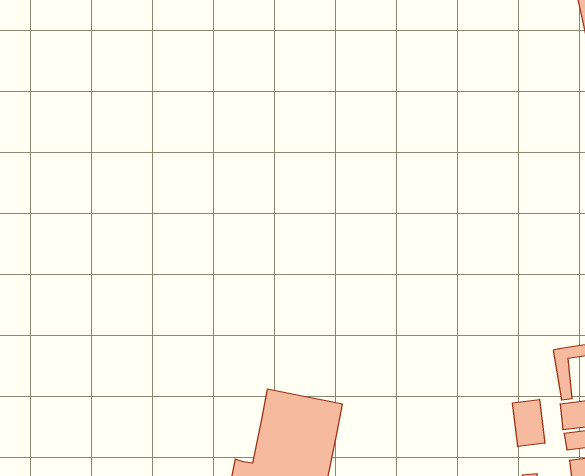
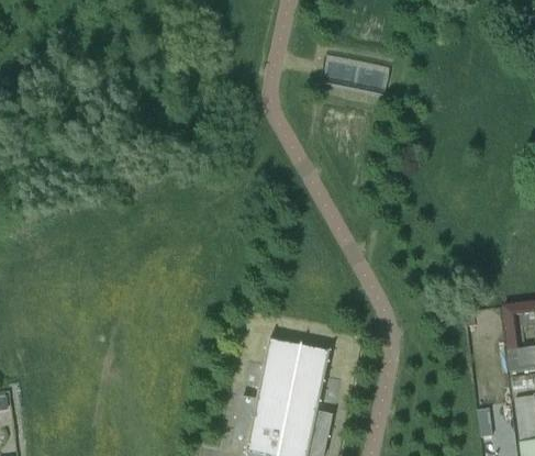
building: none -> [321,55,391,94]
building: [513,399,545,447] -> none

